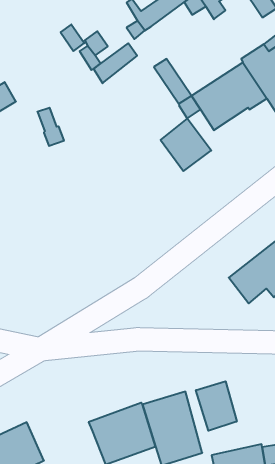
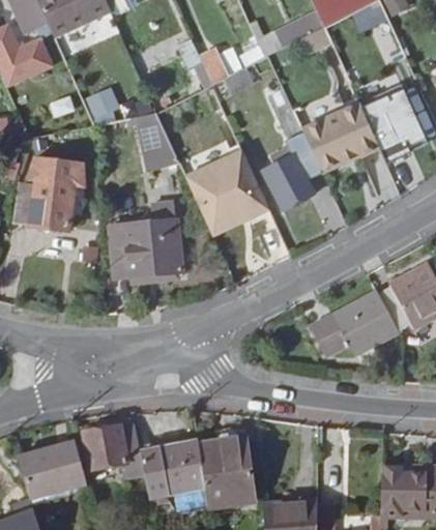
building: none -> [182,145,268,233]
building: none -> [108,219,183,277]
building: [196,381,237,431] -> none
building: none -> [84,424,143,471]

